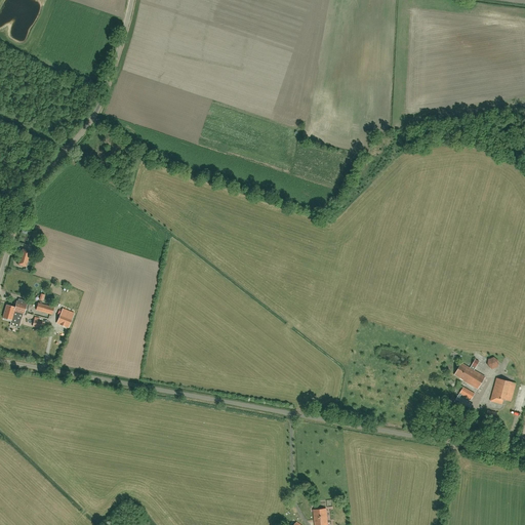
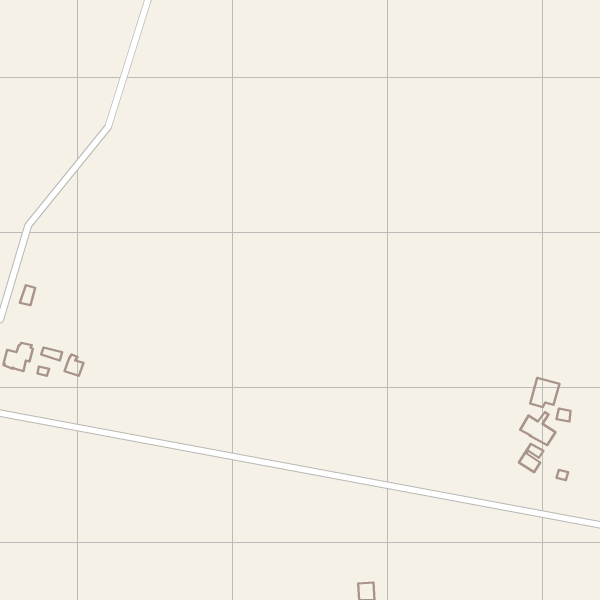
building: [490,378,516,404] -> [530,378,559,407]

